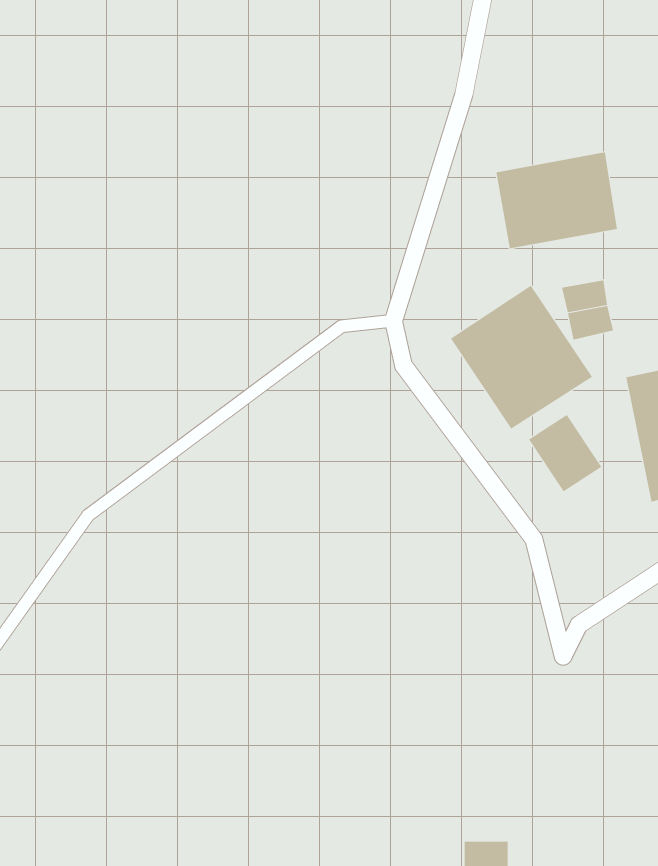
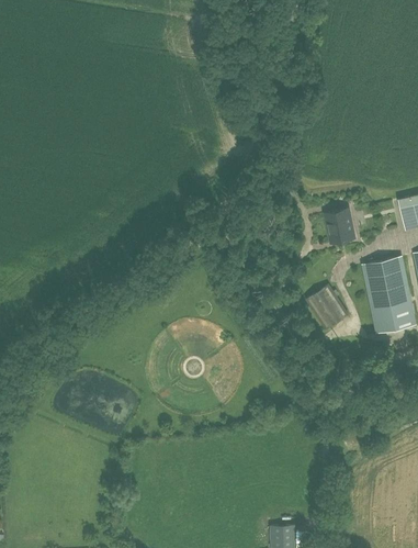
building: [496,151,617,249] -> none
building: [450,285,593,430] -> none

